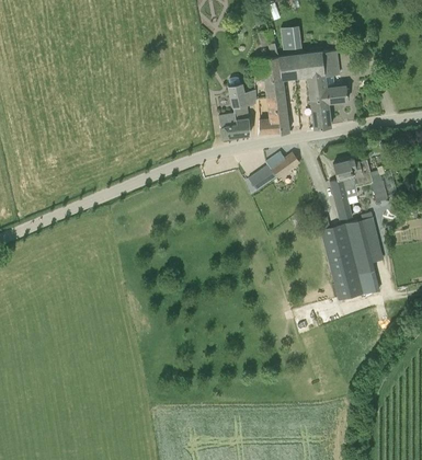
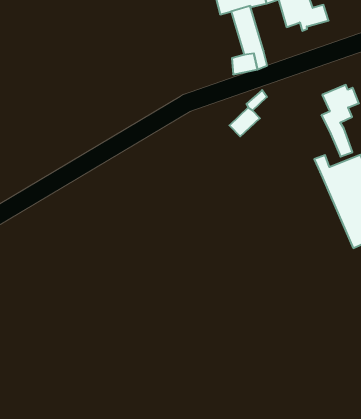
building: [219,77,255,139] -> none
building: [311,99,331,128] -> none

